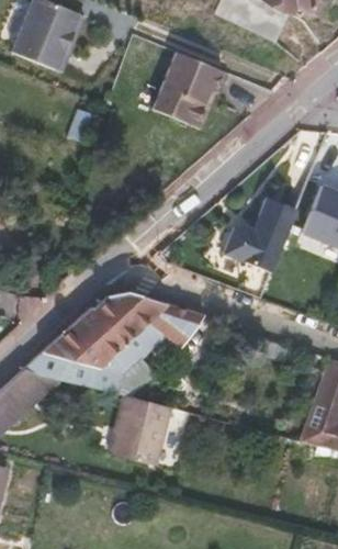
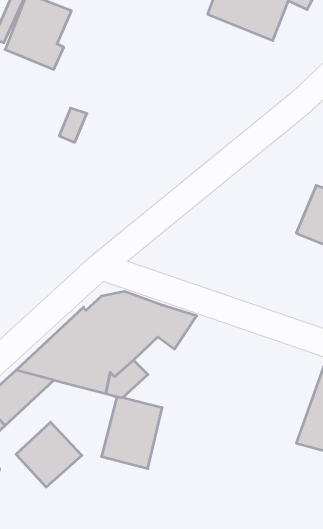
building: [154,48,223,125] -> none
building: [223,197,297,271] -> none
building: none -> [16,422,82,487]

